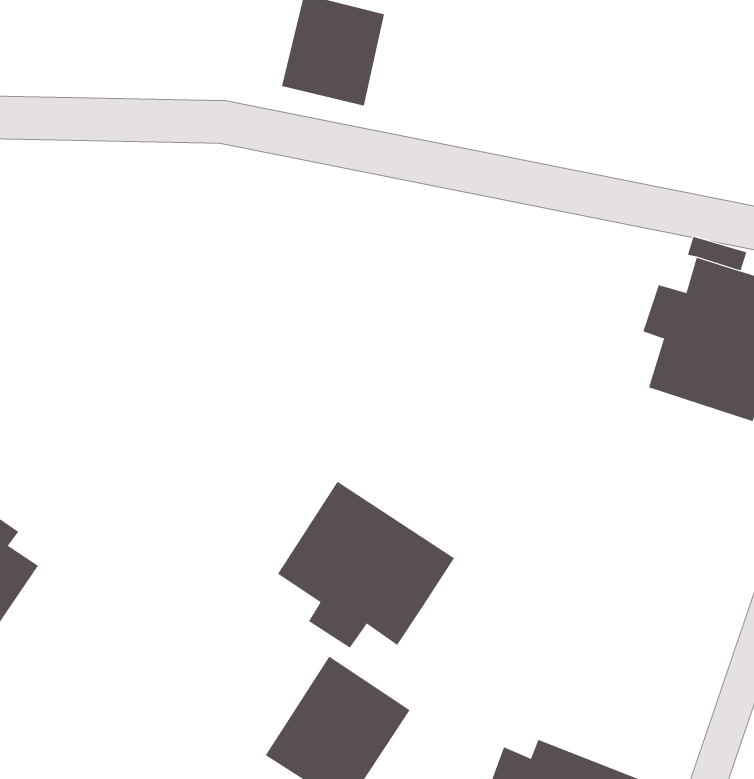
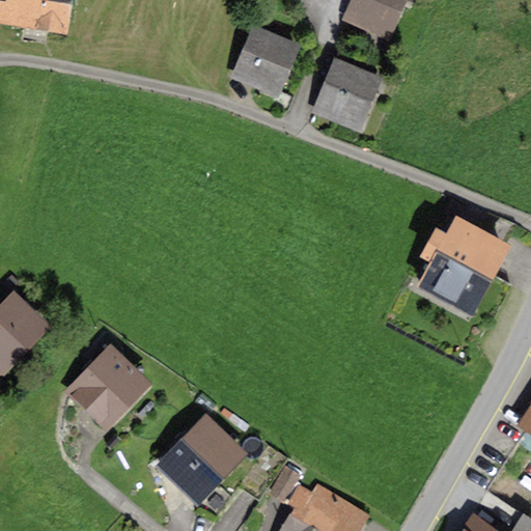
building: none -> [313,59,382,132]
building: [277,481,455,648] -> none
building: none -> [65,345,149,429]

